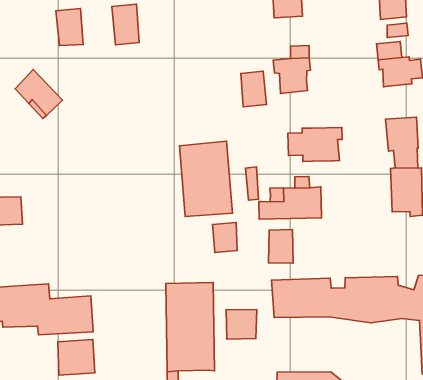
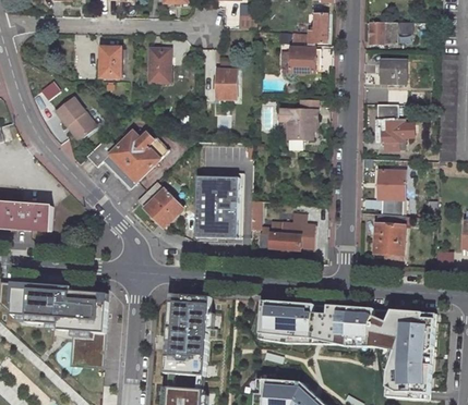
building: [241,71,267,107] -> [214,69,235,98]
building: none -> [86,131,168,186]
building: [288,127,342,161] -> none
building: none -> [136,180,183,226]
building: [213,222,237,253] -> none
building: [269,229,293,263] -> none
building: [226,310,257,339] -> none

